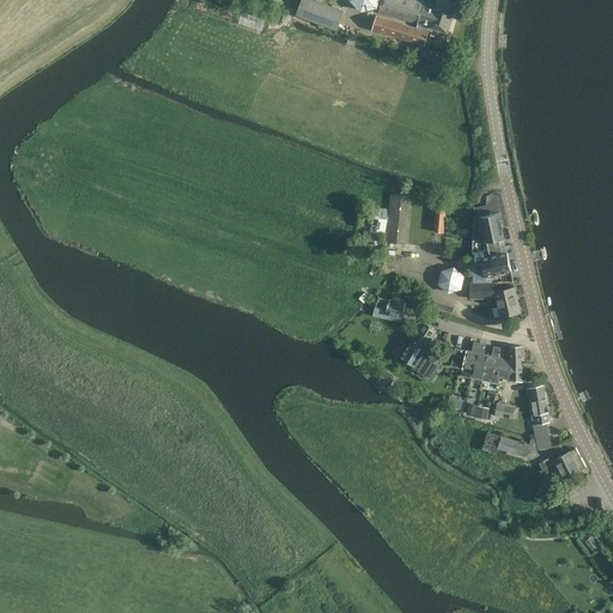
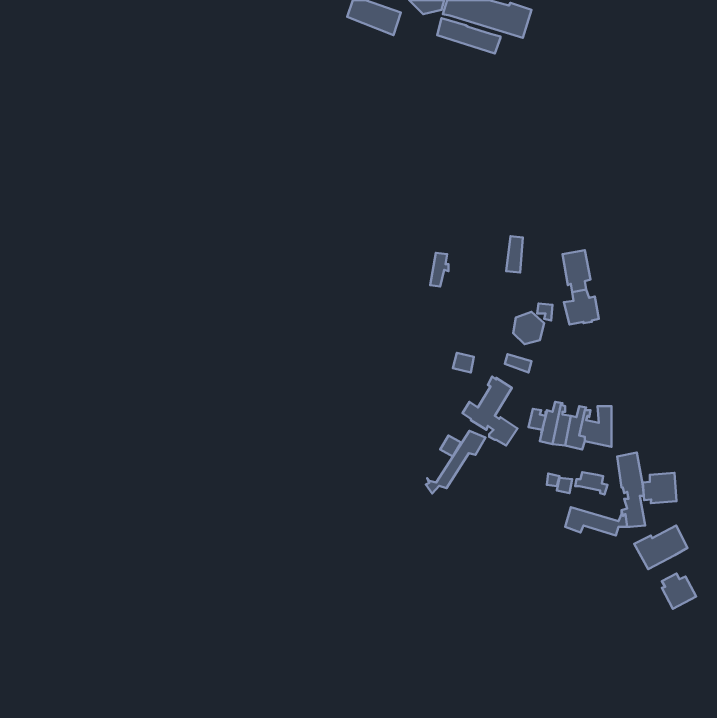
building: [384,194,411,244] -> none
building: [469,283,520,317] -> none
building: none -> [426,431,486,493]
building: none -> [643,473,677,503]
building: none -> [662,574,696,609]

